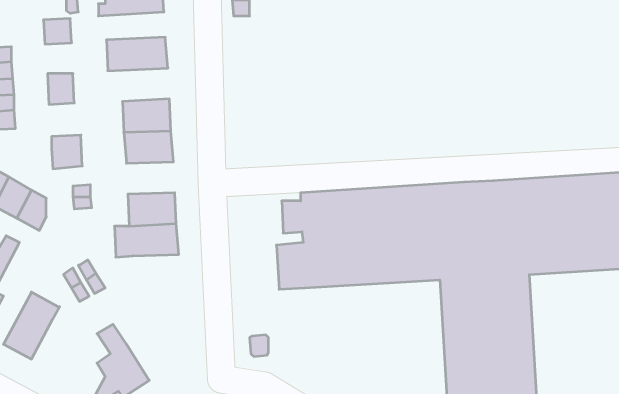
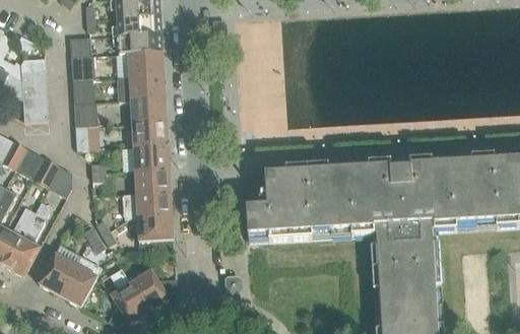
building: none -> [111,31,161,53]
building: none -> [70,55,94,78]
building: none -> [118,74,165,99]
building: none -> [73,101,98,126]
building: none -> [132,145,169,170]
building: none -> [137,215,174,251]
building: none -> [60,255,102,306]
building: none -> [132,269,176,311]

